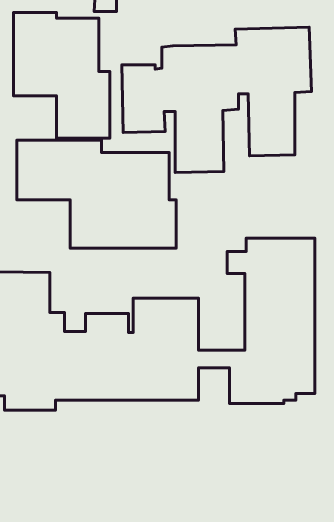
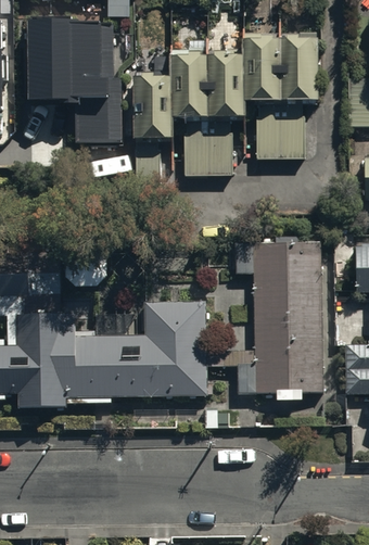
building: [17,140,176,248] -> none

